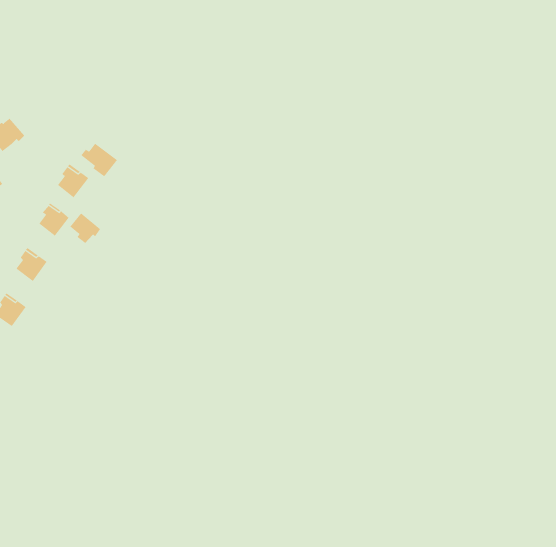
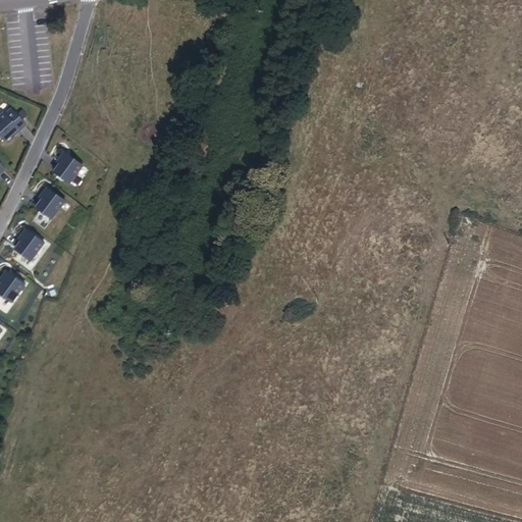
building: [81,143,118,177] -> none
building: [70,212,101,244] -> none

